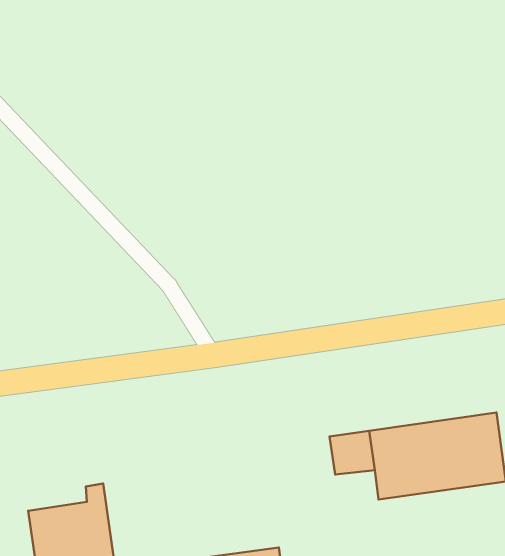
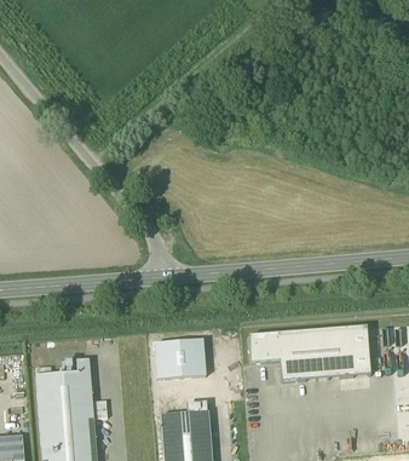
building: none -> [154,339,206,378]

